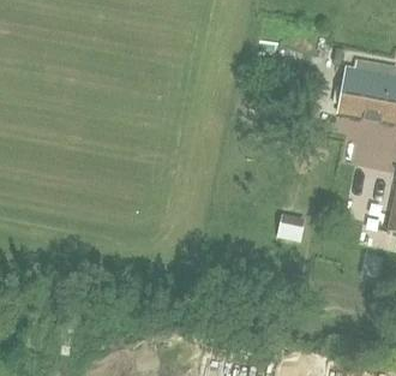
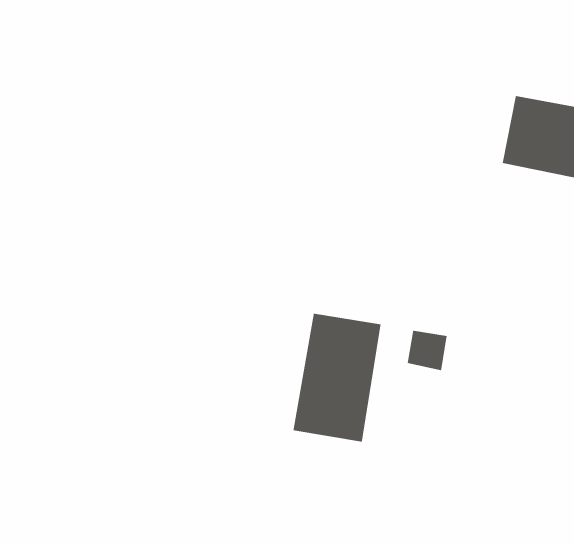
building: none -> [293,313,381,442]

